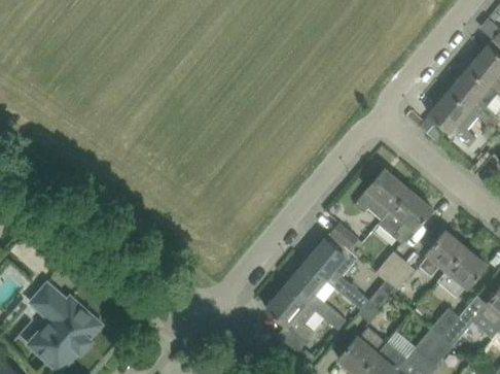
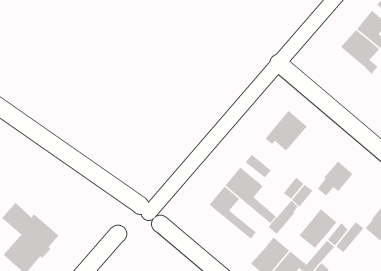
building: [429,92,479,148] -> none
building: [379,190,432,244] -> none
building: [437,248,486,299] -> [298,208,338,249]
building: [266,286,316,352] -> none

